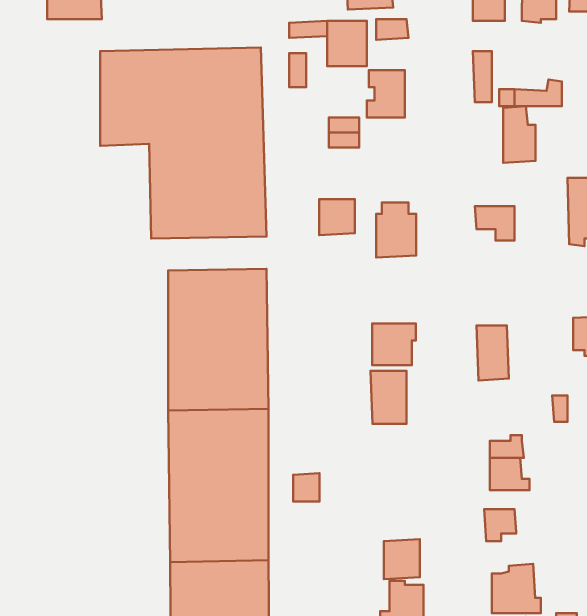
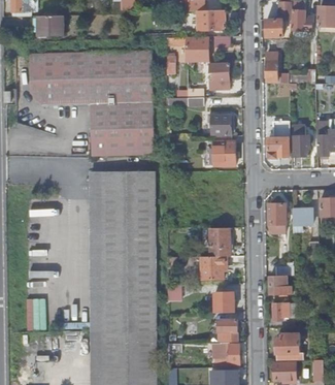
building: none -> [29,53,63,104]
building: [503,106,535,163] -> [292,125,309,156]
building: [319,199,355,235] -> [211,115,231,134]
building: [372,323,416,365] -> [202,256,226,279]
building: none -> [292,208,312,232]
building: none -> [214,292,234,312]

